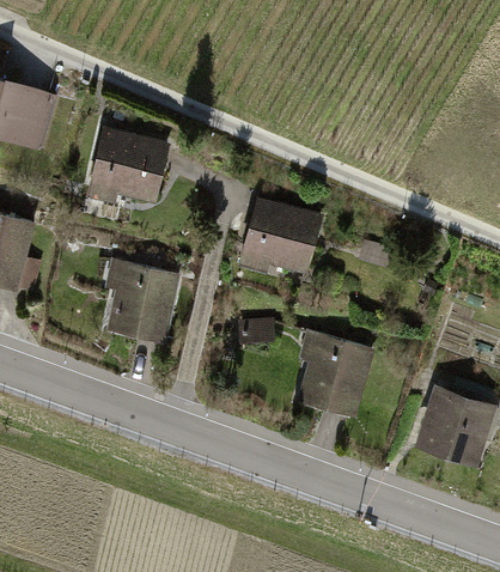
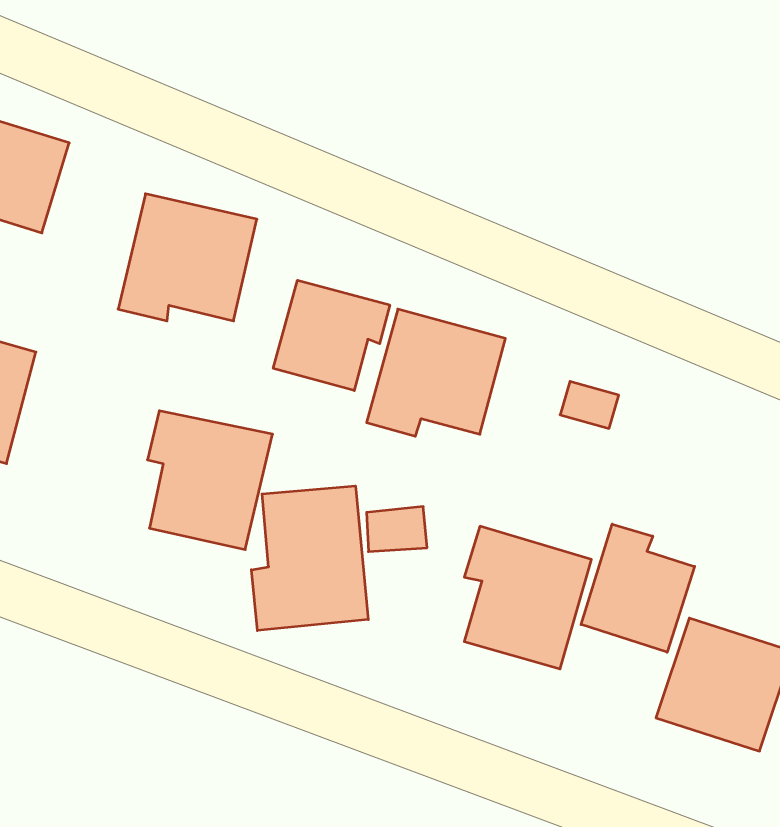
building: none -> [273,280,390,391]
building: none -> [251,486,368,631]
building: none -> [581,524,695,652]

